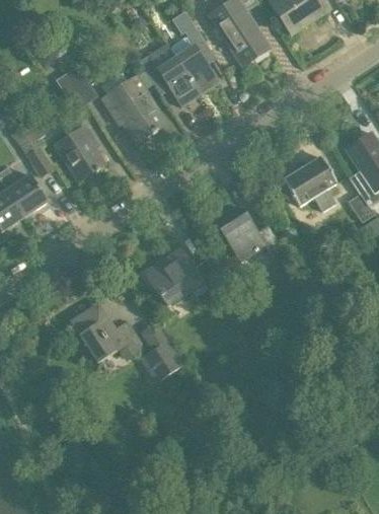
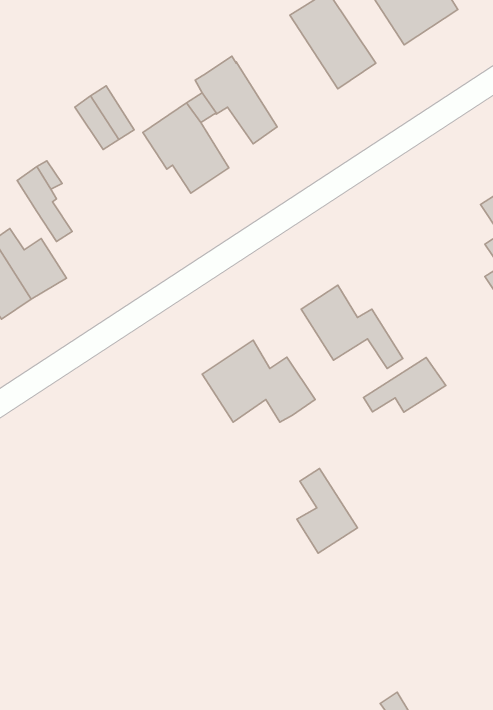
building: [170,10,219,93] -> none
building: [55,124,106,181] -> none
building: [284,156,336,210] -> none
building: none -> [364,358,446,412]
building: [71,306,145,361] -> none
building: [139,321,182,382] -> [297,468,358,553]

